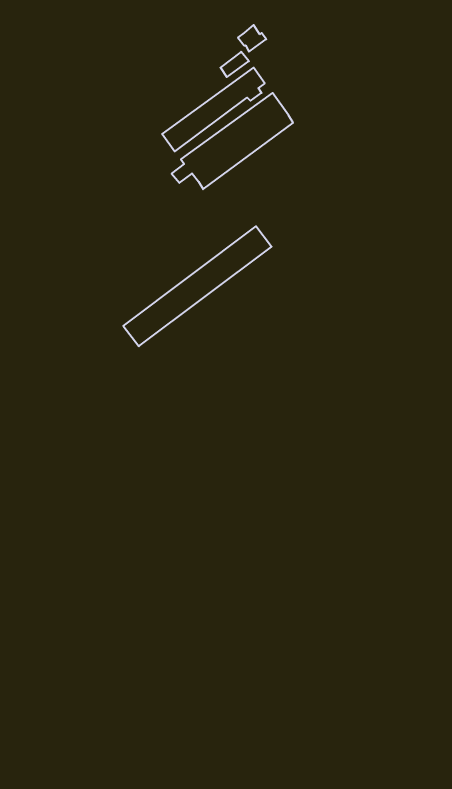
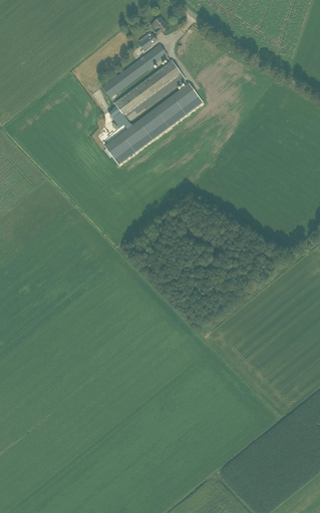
building: [123,226,272,346] -> [105,83,200,159]

